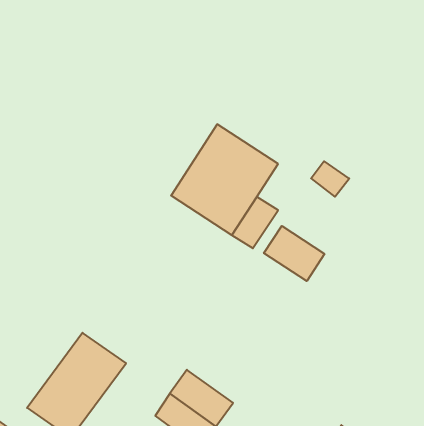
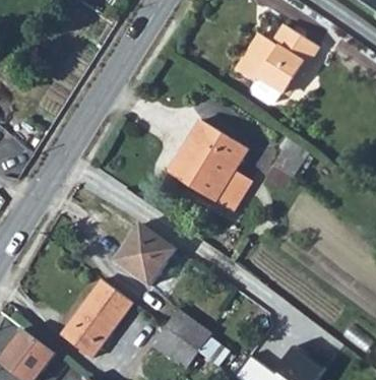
building: none -> [231,23,313,93]
building: [264,226,324,281] -> none
building: none -> [116,219,175,280]

